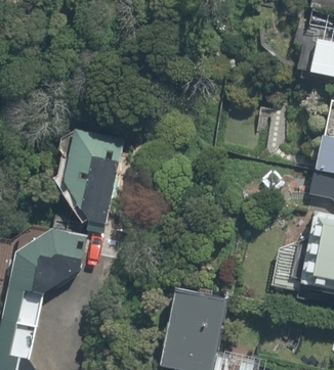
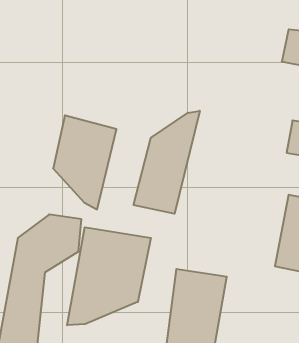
building: none -> [134,111,200,214]
building: none -> [67,227,151,325]

